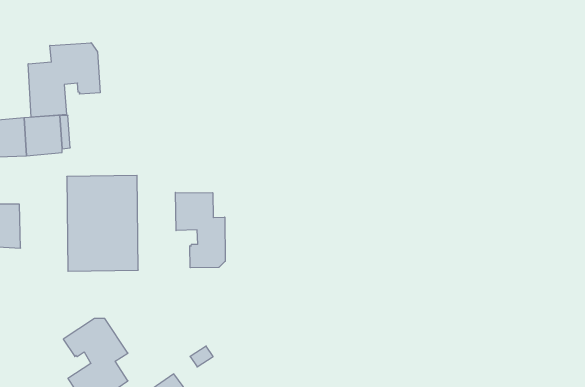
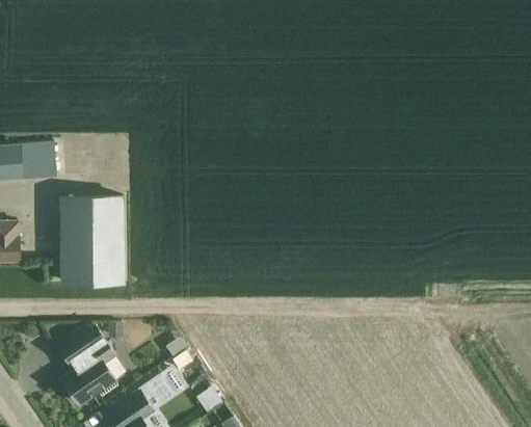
building: [28,43,100,117] -> none
building: [175,192,225,268] -> none

